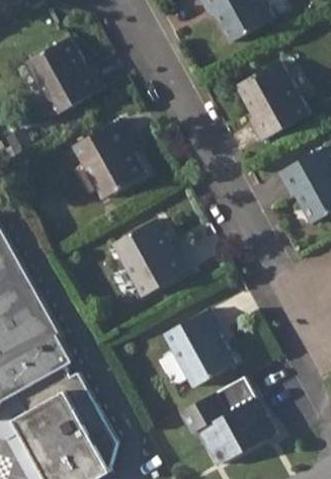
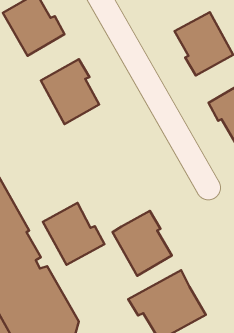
building: [112,221,188,297] -> [43,203,105,265]

